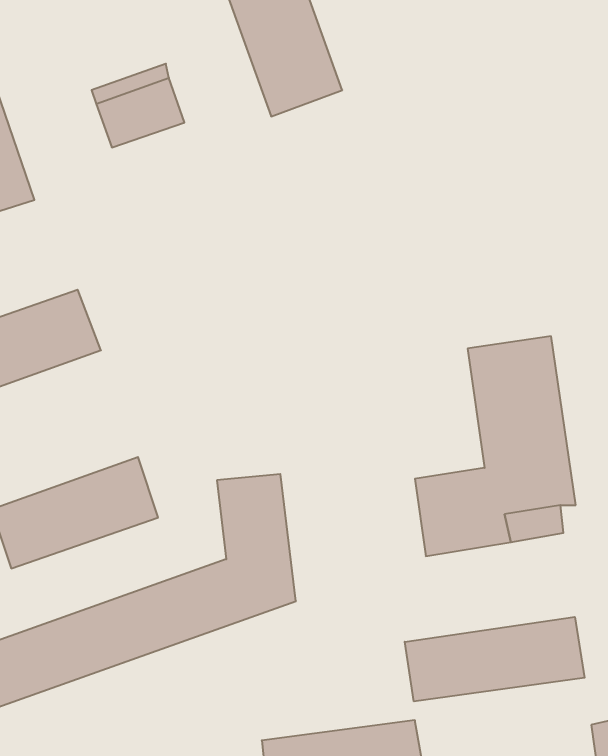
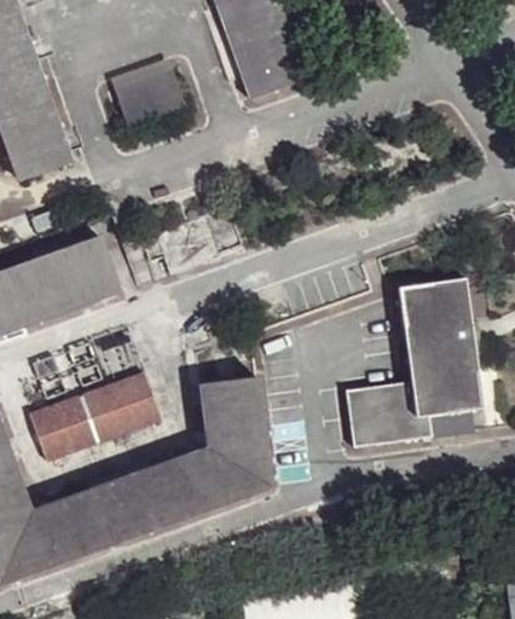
building: [405,617,585,701] -> none

